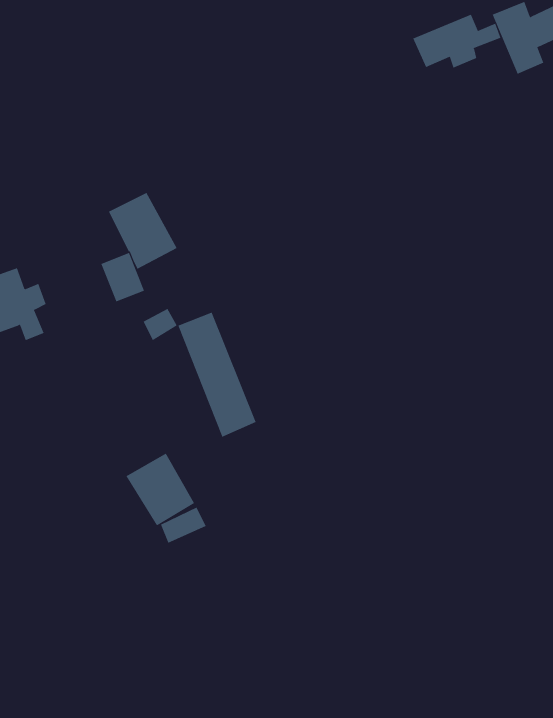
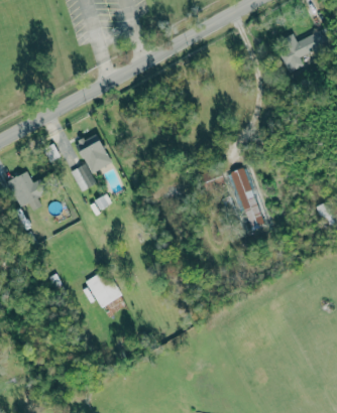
building: [412,14,501,69] -> none
building: [178,312,257,437] -> [227,167,268,233]

